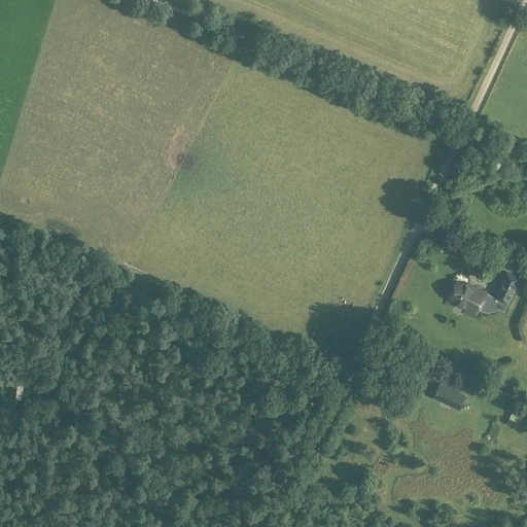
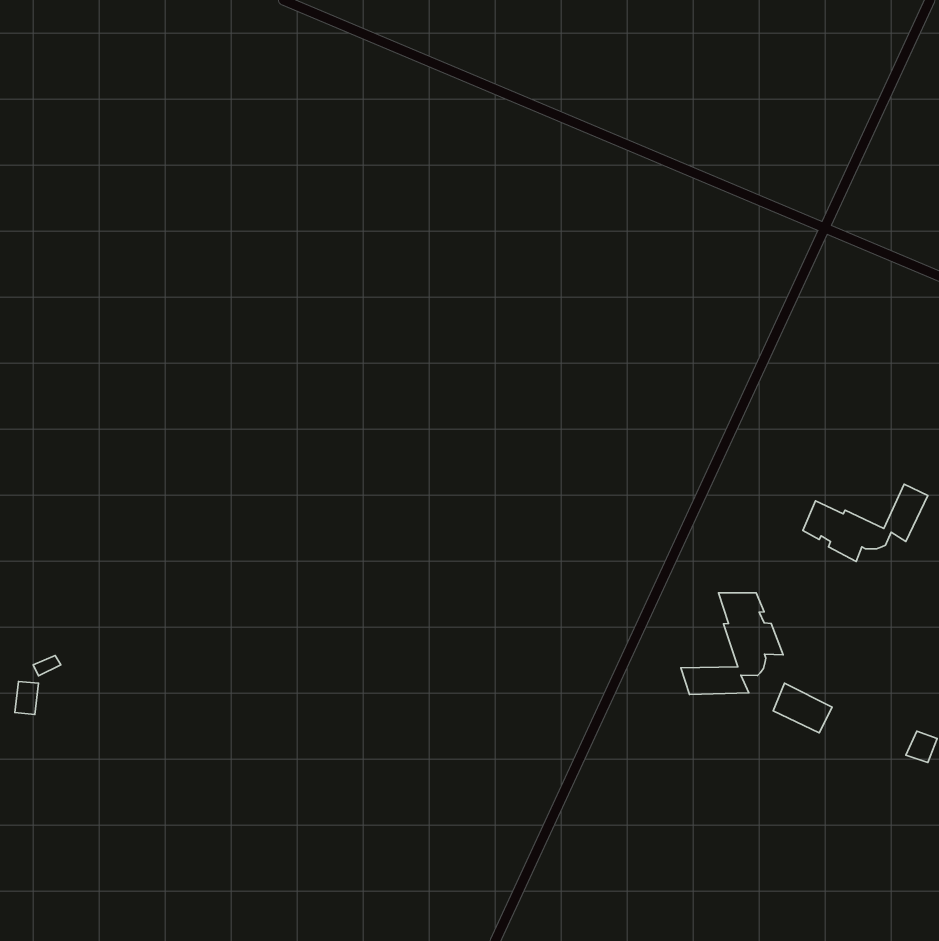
building: none -> [681,593,783,694]

